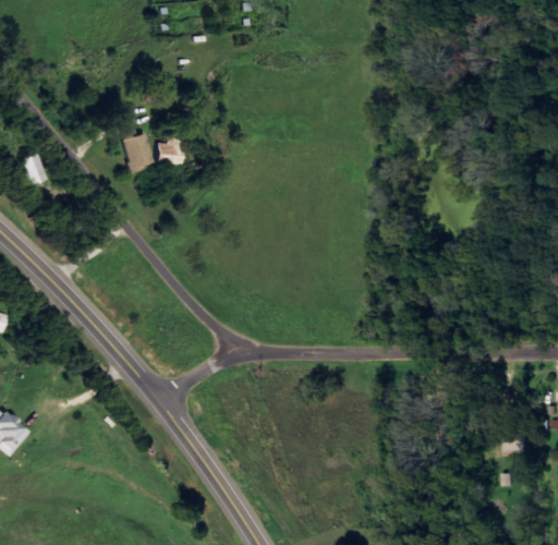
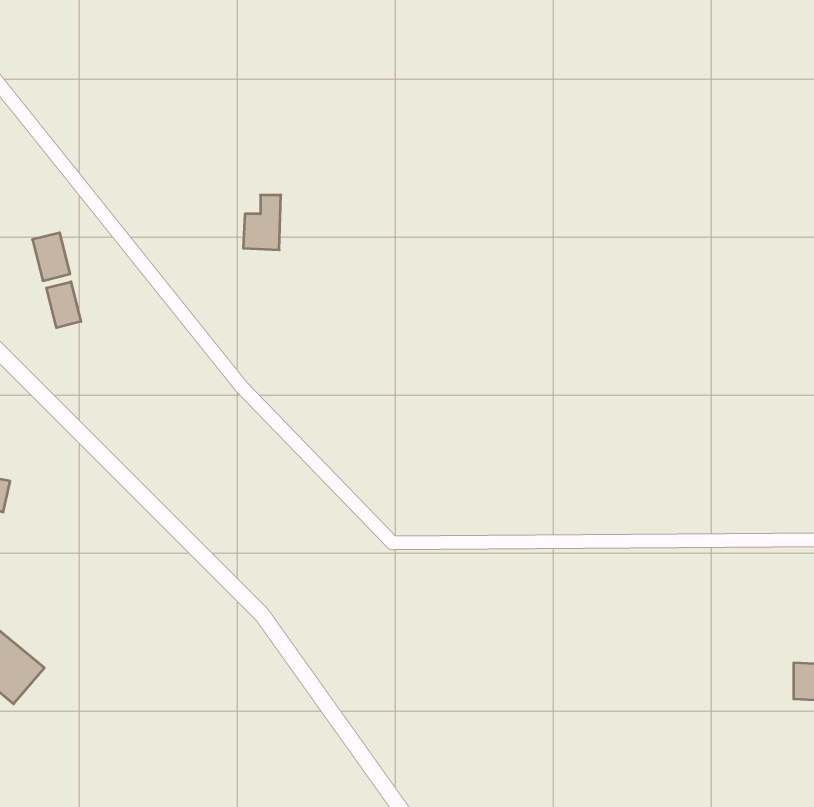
building: [119,130,155,171] -> none
building: none -> [46,282,81,328]

